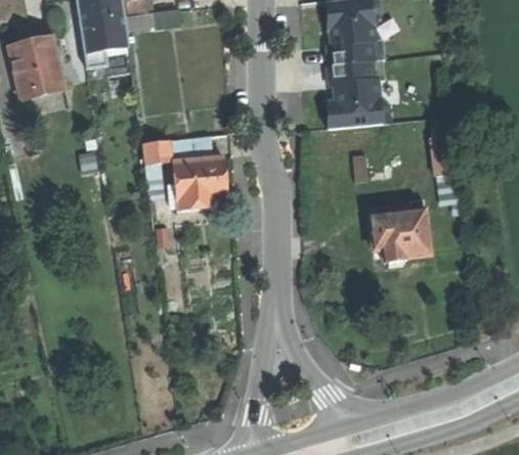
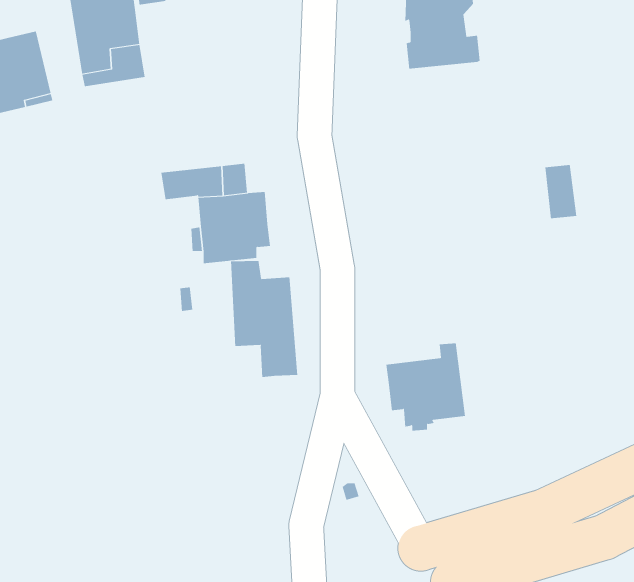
building: [329,58,390,127] -> none
building: [371,199,431,266] -> [386,343,466,431]
building: none -> [231,260,298,378]

